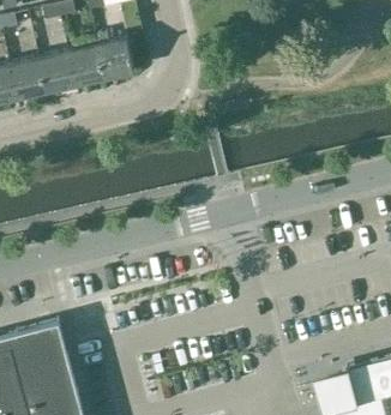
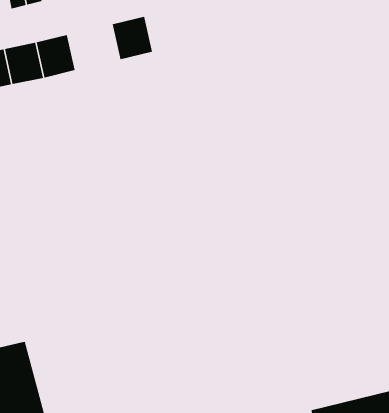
building: [97,41,134,80] -> [112,16,153,60]

